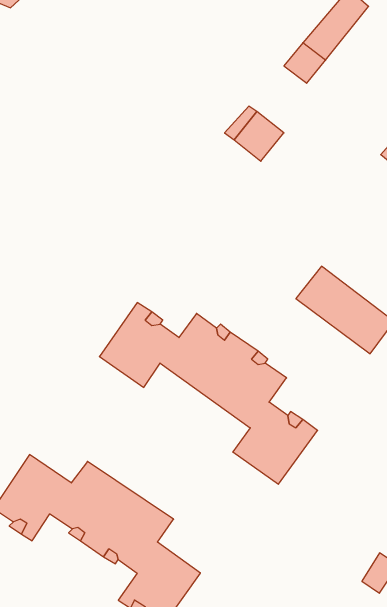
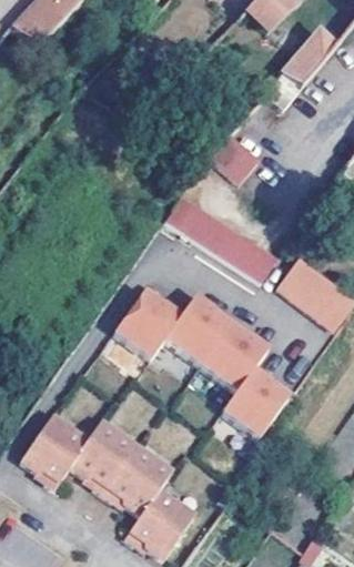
building: none -> [161,185,277,280]

